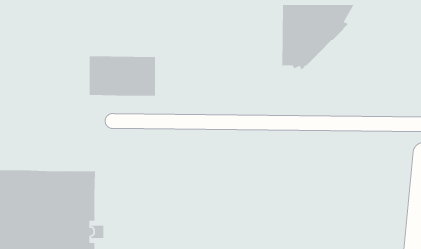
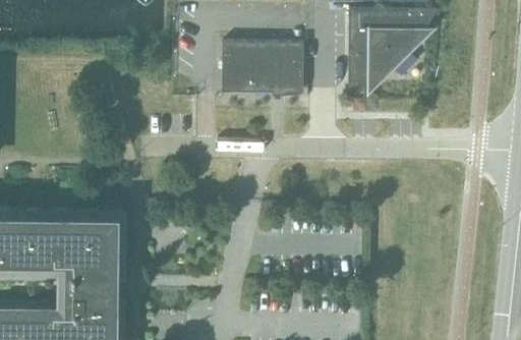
building: [89,56,156,96] -> [221,43,302,93]

